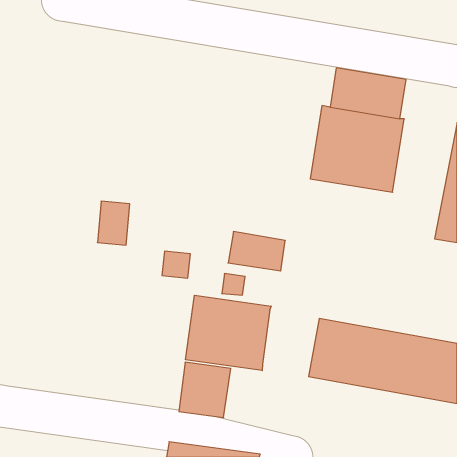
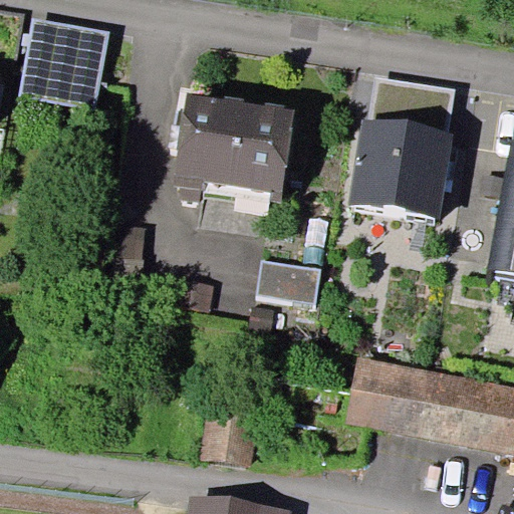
building: none -> [20,17,109,107]
building: none -> [175,94,294,201]
building: [186,295,271,371] -> none

